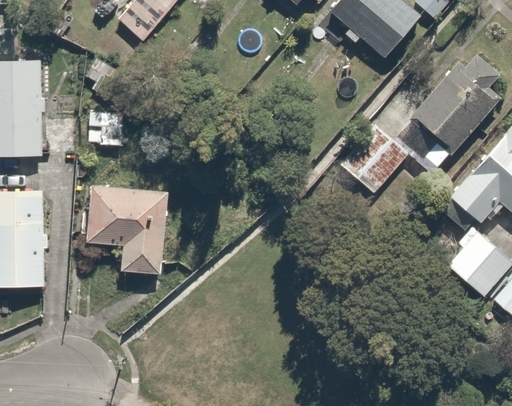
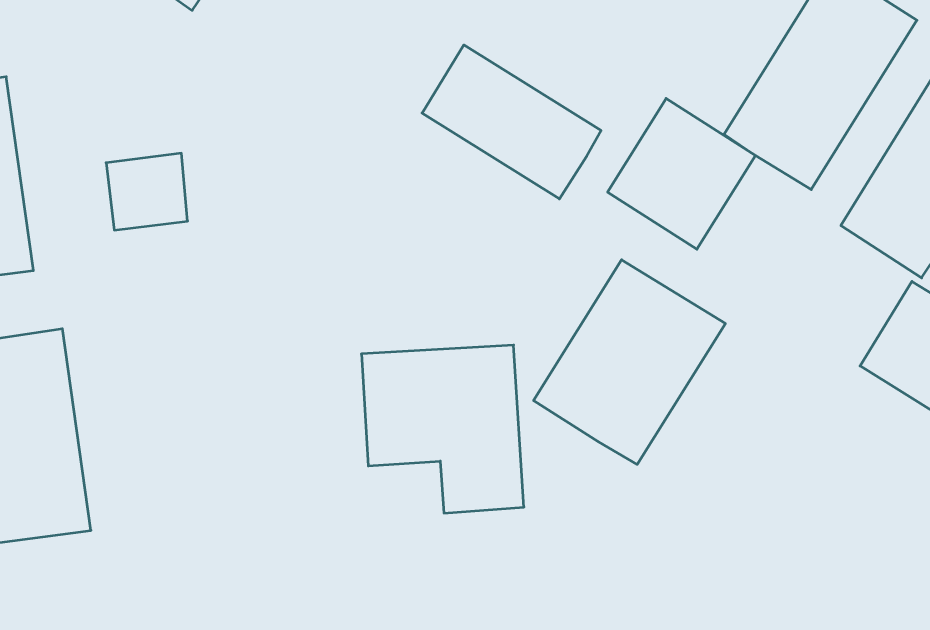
building: none -> [422,45,601,199]
building: [85,183,166,271] -> [361,345,524,513]
building: none -> [534,260,725,464]

